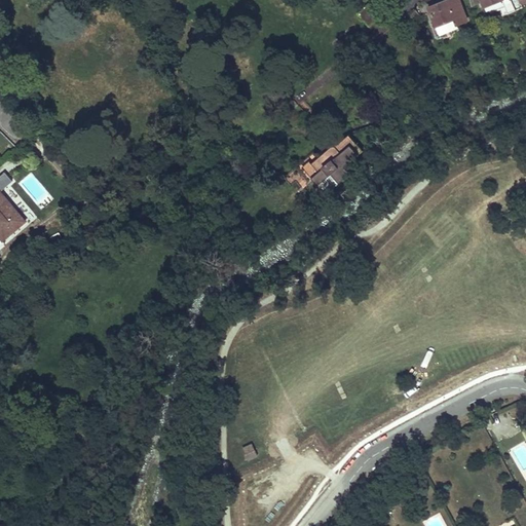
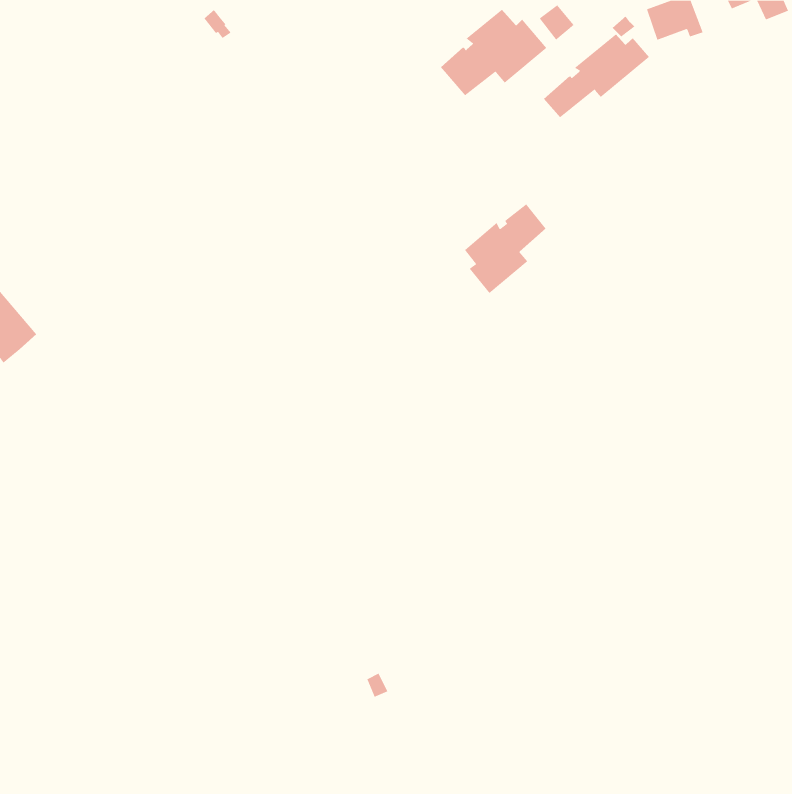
building: none -> [440,9,547,96]
building: none -> [543,34,650,118]

